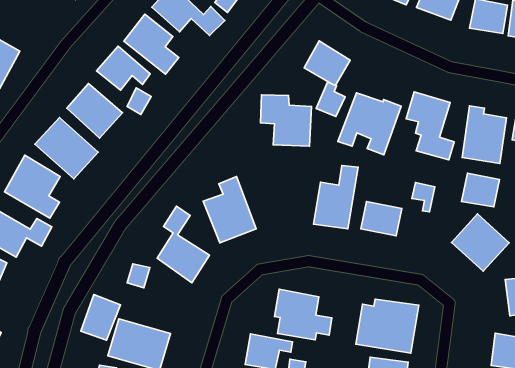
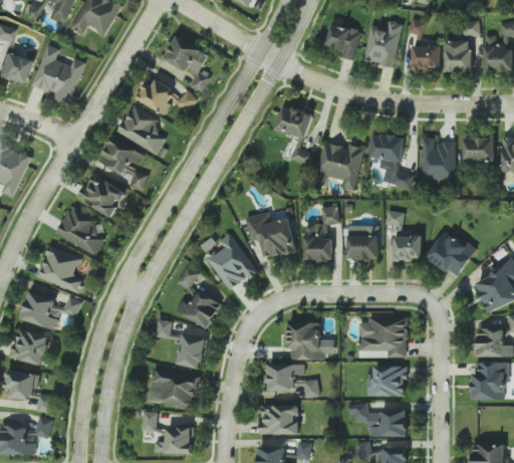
building: [260,95,311,146] -> [246,213,294,257]
building: [462,173,499,207] -> [393,235,422,260]
building: [81,294,121,340] -> [177,331,207,369]

